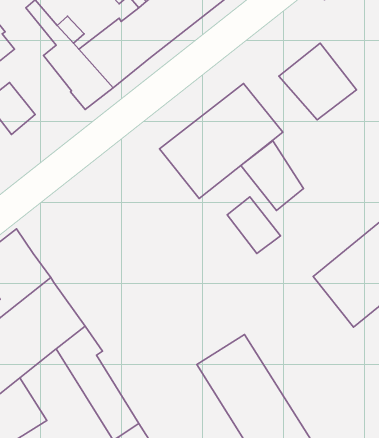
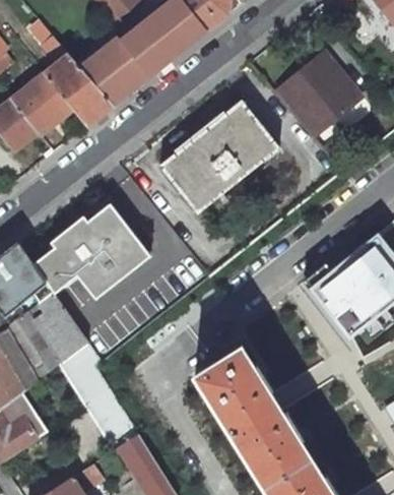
building: none -> [11,73,72,135]
building: [241,141,304,211] -> none
building: none -> [35,204,150,298]
building: [227,197,280,253] -> none

